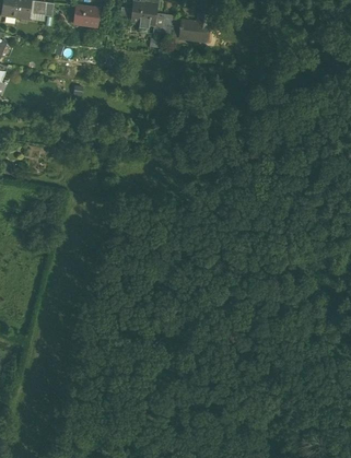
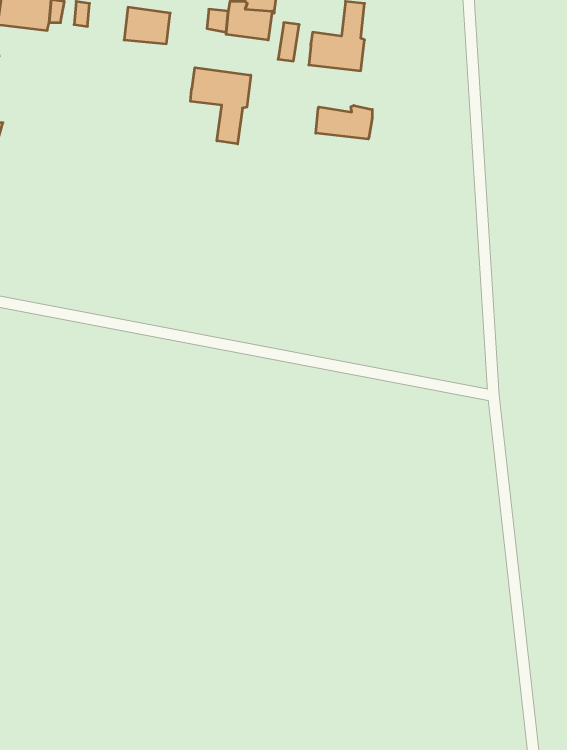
building: none -> [191,68,251,144]
building: none -> [316,105,372,139]

